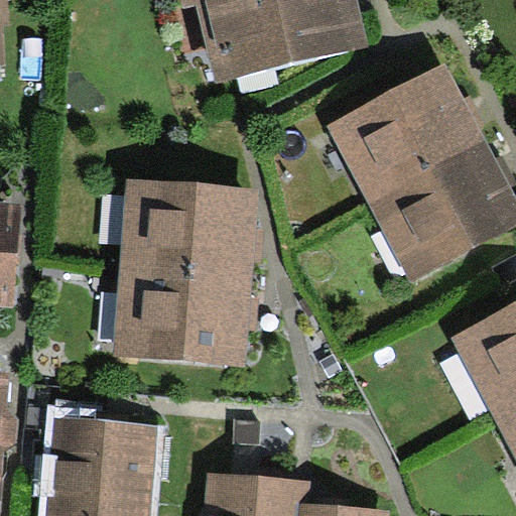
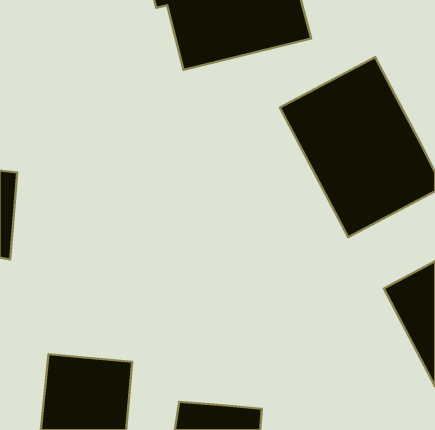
building: [122,184,247,346] -> none

